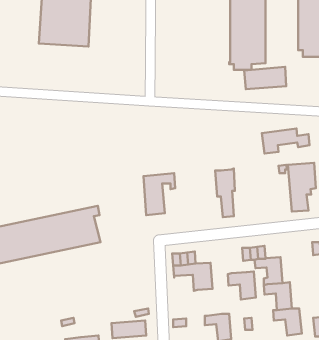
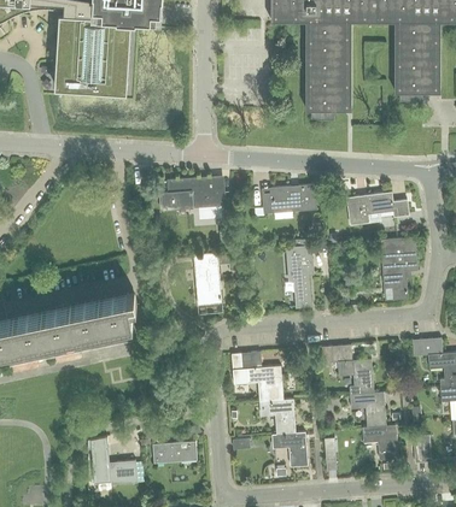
building: [244,67,286,89] -> [261,183,315,212]
building: none -> [153,177,222,206]
building: [228,271,256,299] -> [258,397,294,434]

